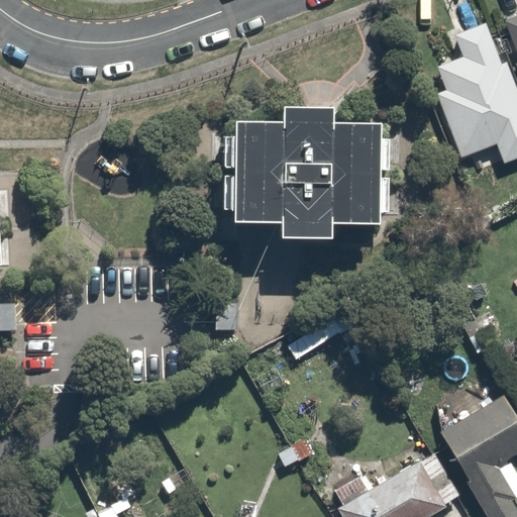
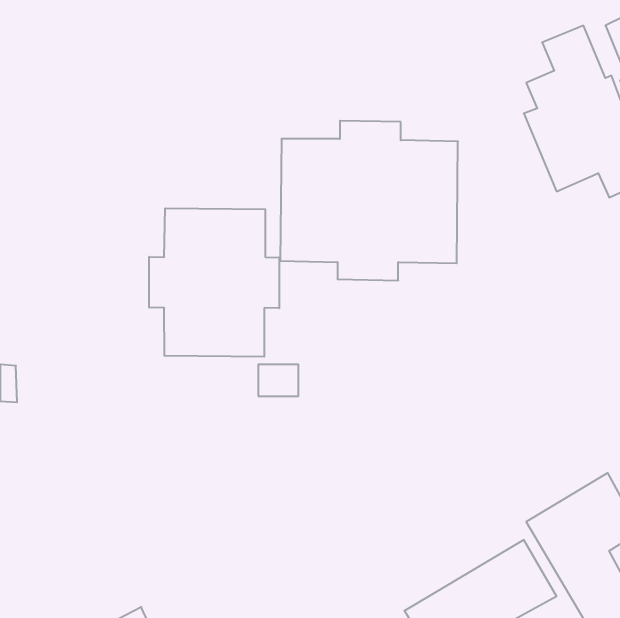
building: none -> [149,208,279,357]

